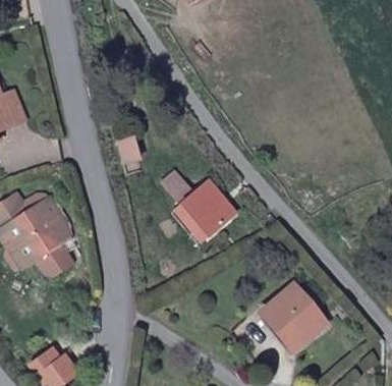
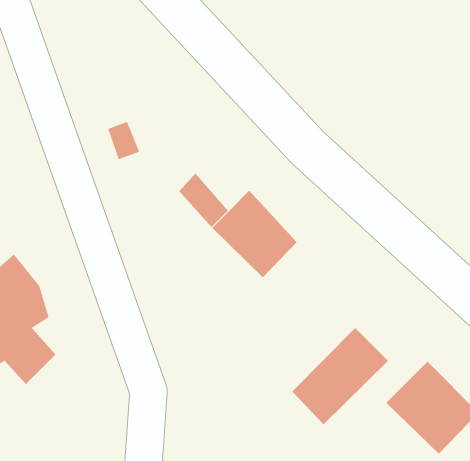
building: none -> [291,327,389,425]

